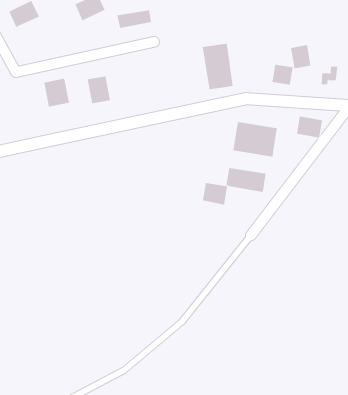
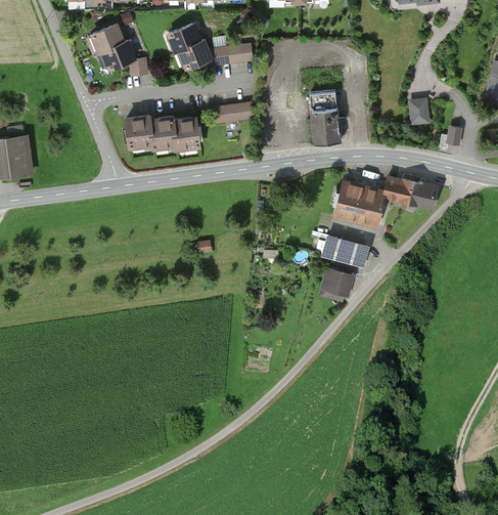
building: none -> [177,41,211,69]
building: none -> [101,42,147,75]
building: none -> [215,102,254,125]
building: [271,64,293,85] -> [387,176,413,202]
building: none -> [148,117,176,148]
building: [202,183,228,205] -> [324,268,355,296]

